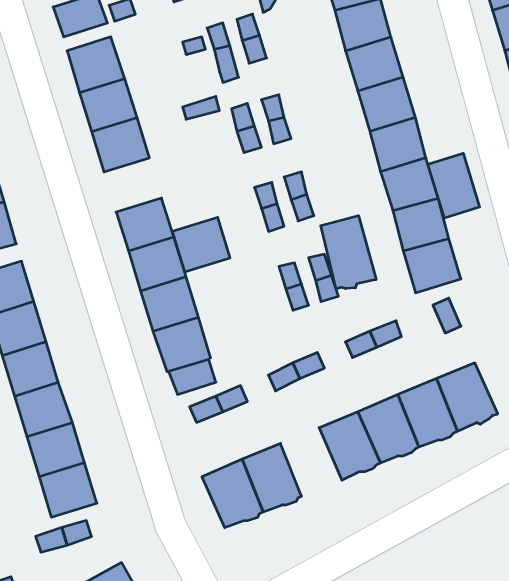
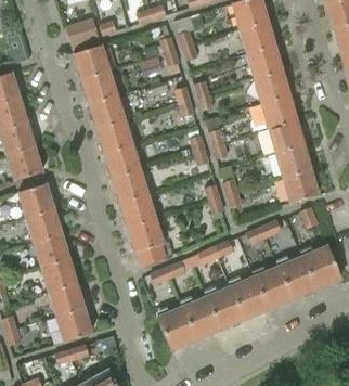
building: [428,153,480,218] -> none
building: [321,216,376,289] -> none
building: [172,217,230,272] -> [96,119,132,153]
building: none -> [206,286,244,329]

